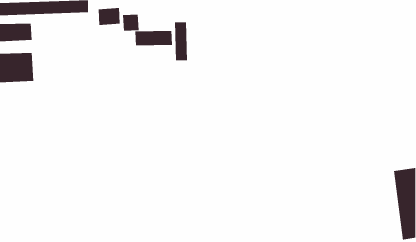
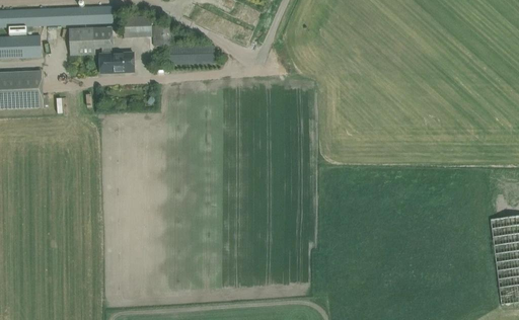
building: none -> [69,26,135,73]
building: [175,22,187,61] -> none

